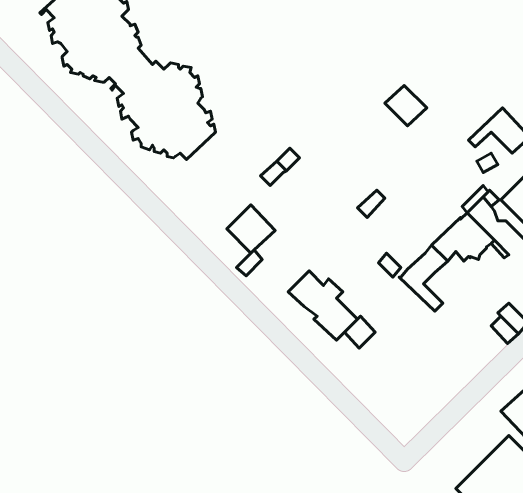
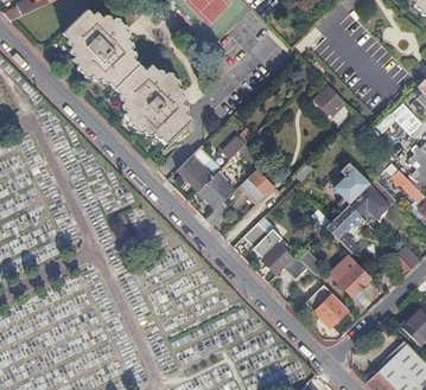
building: none -> [177,146,222,191]
building: none -> [335,162,370,209]
building: none -> [242,170,274,202]
building: none -> [338,262,371,295]
building: none -> [306,283,349,327]

